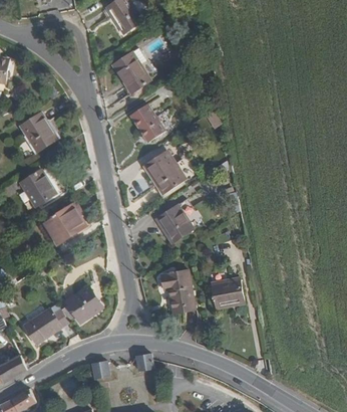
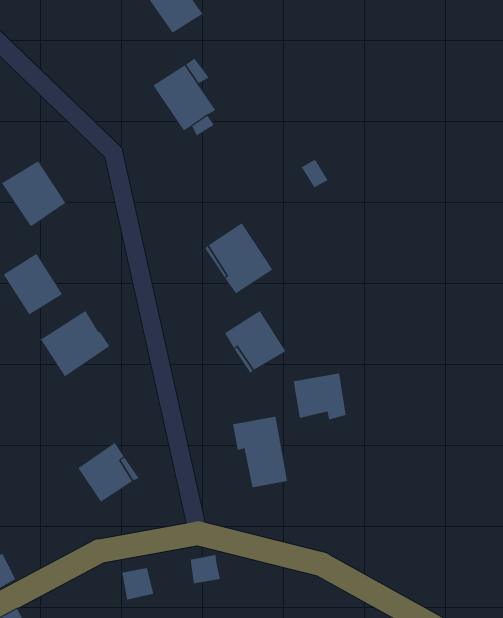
building: [129,104,164,142] -> none
building: [211,277,244,306] -> [293,373,346,420]
building: [23,307,68,345] -> none

